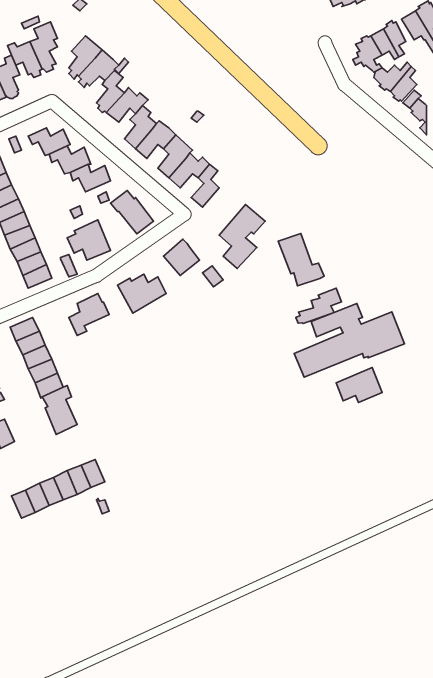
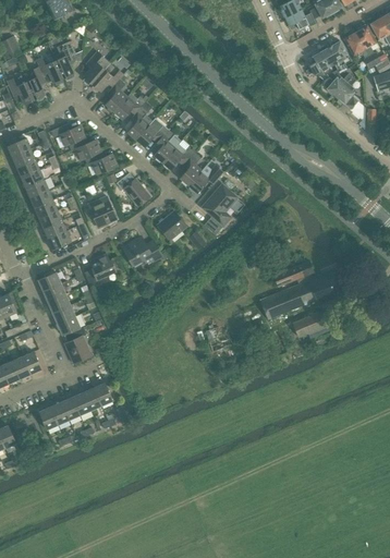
building: none -> [188,166,224,194]
building: [278,234,324,286] -> none
building: [296,288,342,324] -> none

